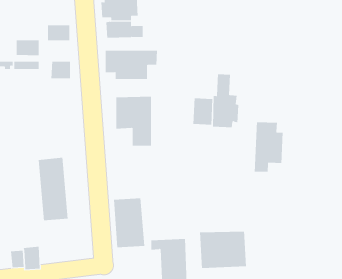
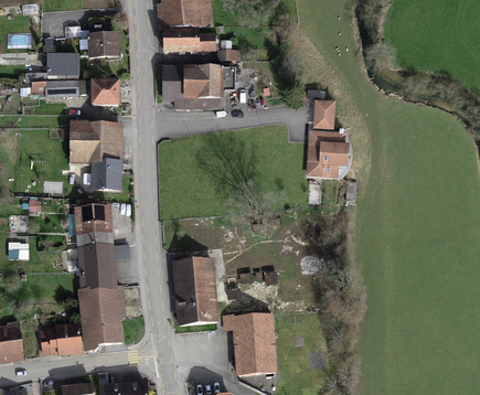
building: [116,96,152,146] -> [72,122,119,188]
building: [193,98,213,125] -> none
building: [254,121,283,172] -> none
building: none -> [79,287,122,346]
building: [200,231,247,269] -> none

